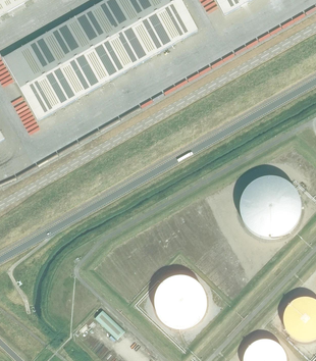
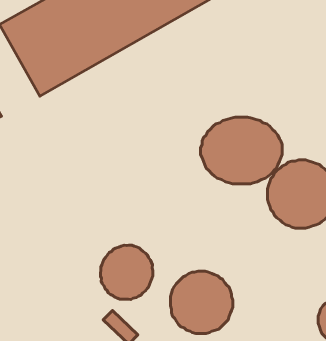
building: none -> [201,117,282,184]
building: none -> [100,245,153,299]

